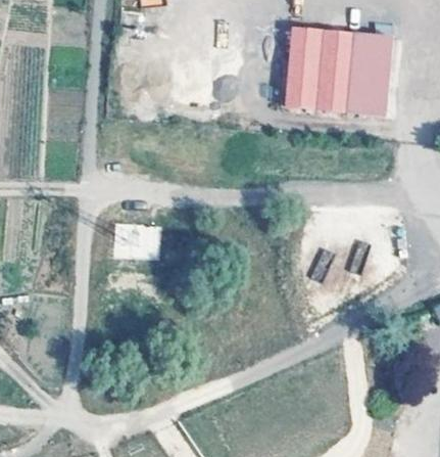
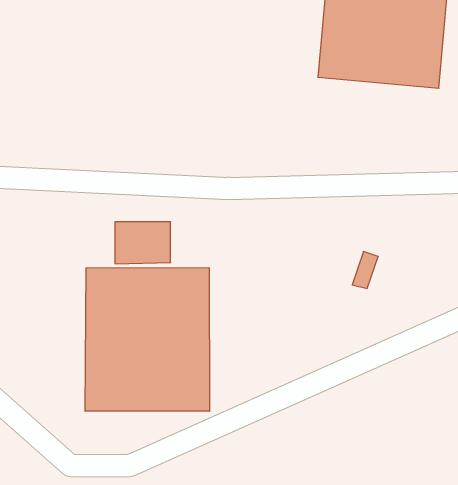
building: none -> [85,268,210,411]

